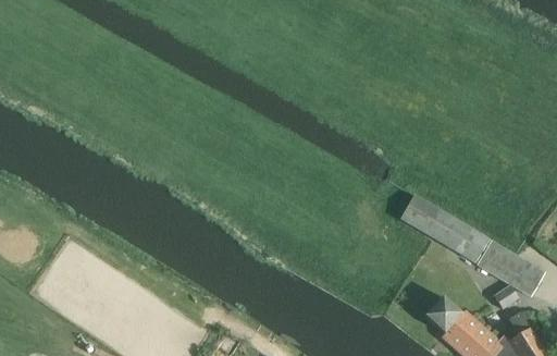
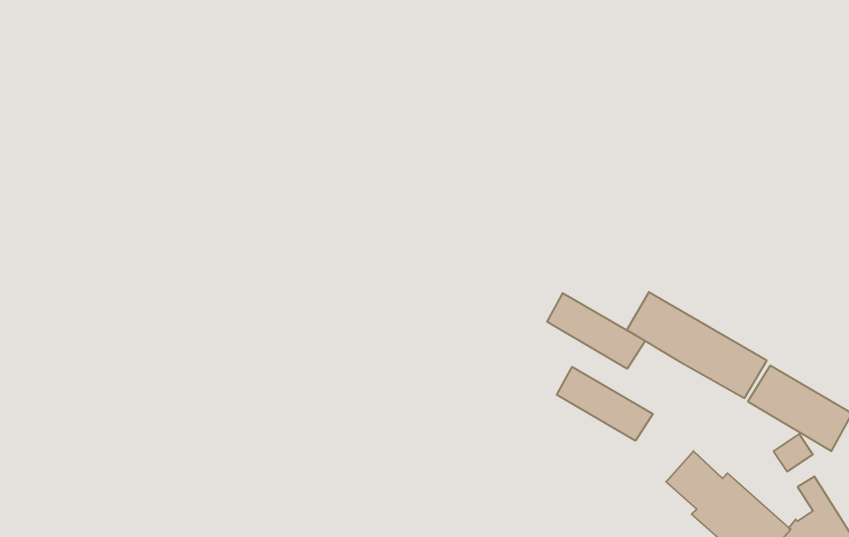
building: none -> [547,293,645,369]
building: none -> [557,367,653,441]

